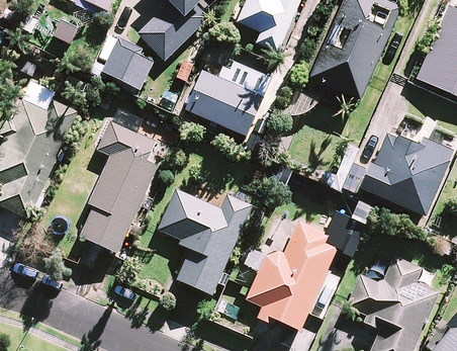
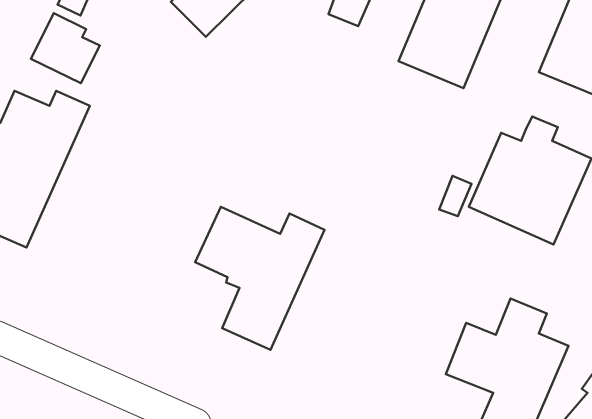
building: [101,36,153,89] -> [31,13,100,83]
building: [185,60,273,136] -> none
building: [80,118,159,252] -> none
building: [245,220,337,330] -> none

